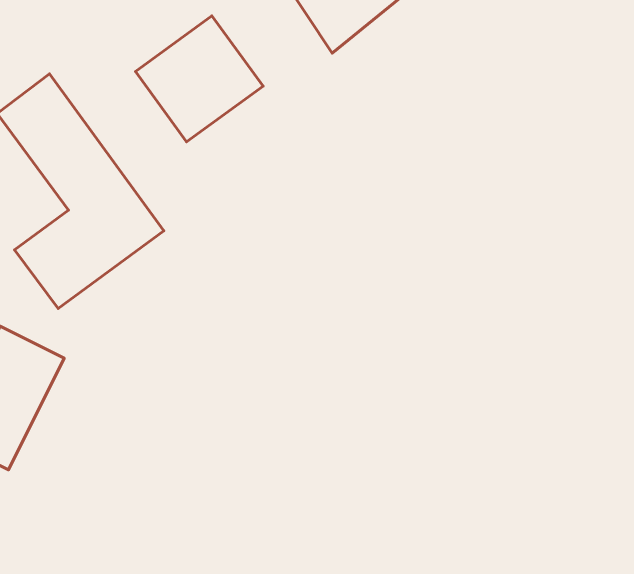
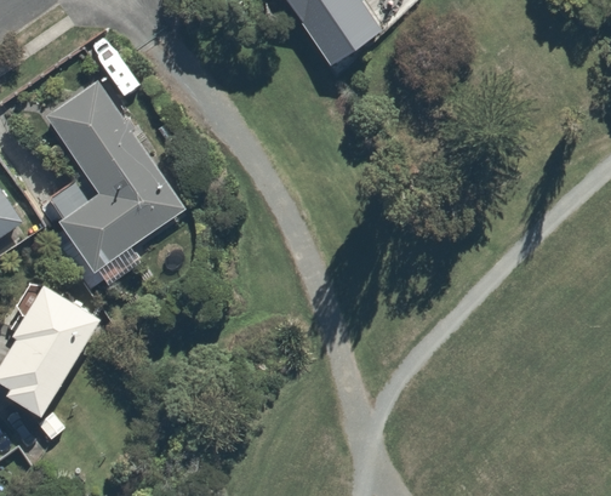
building: [136,16,263,142] -> none

